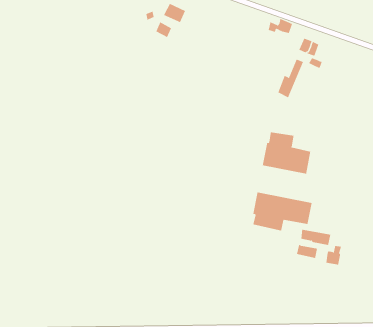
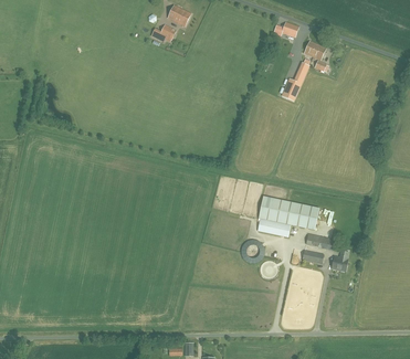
building: [262,131,311,175] -> none

